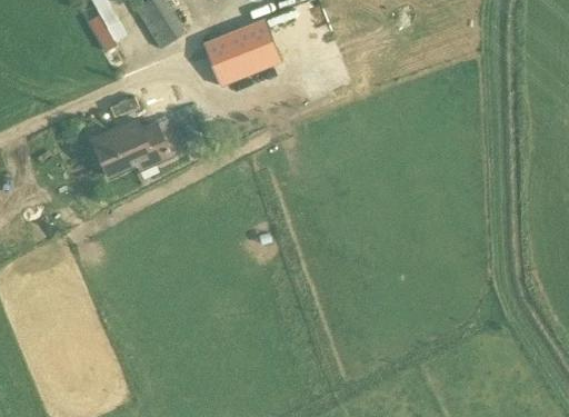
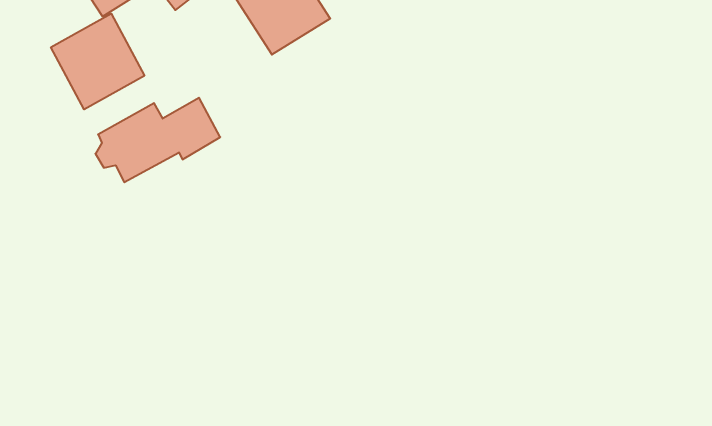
building: none -> [51,14,144,109]

